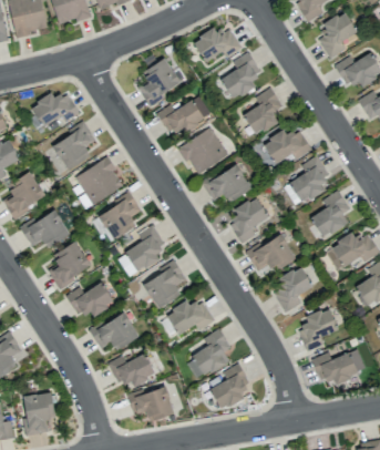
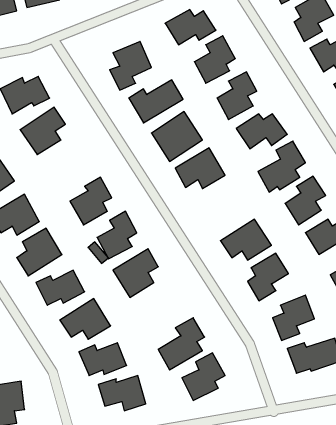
building: [73,157,124,209] -> none
building: [230,197,268,244] -> none
building: [165,299,215,335] -> none

